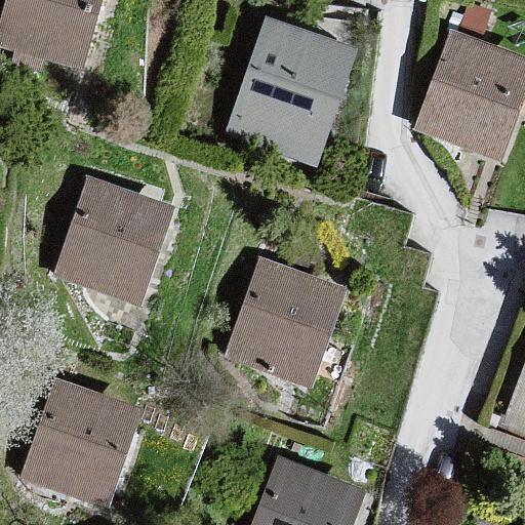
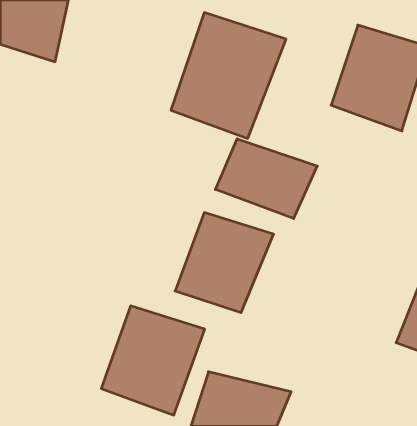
building: none -> [215,139,317,219]
building: [57,183,171,313] -> none
building: [15,373,143,508] -> [101,306,205,415]

